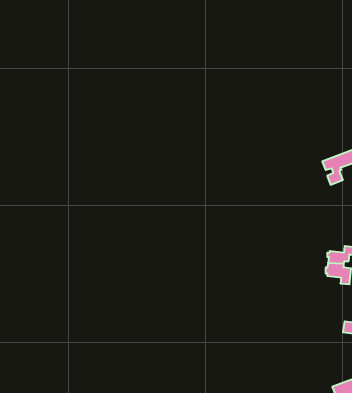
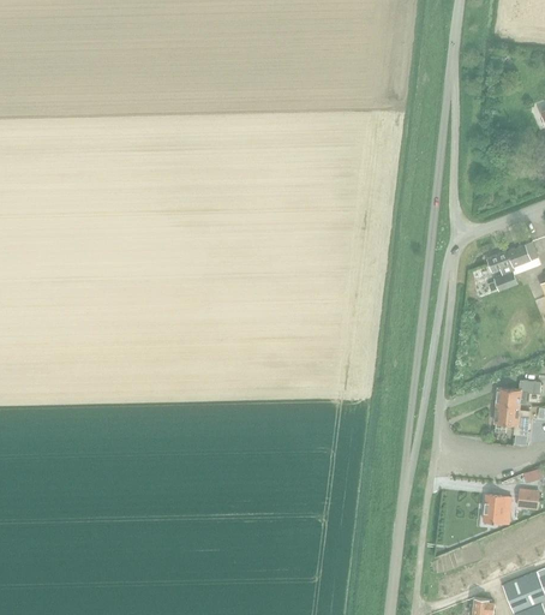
building: none -> [484,494,511,524]

